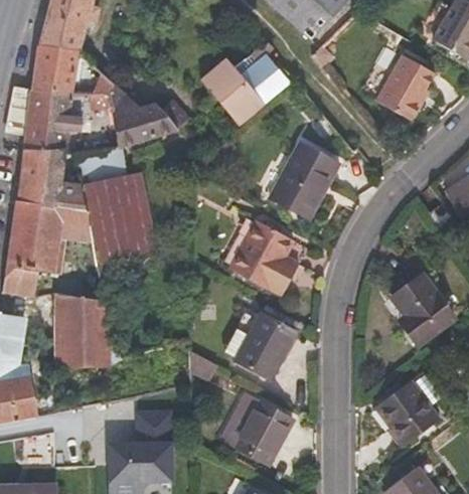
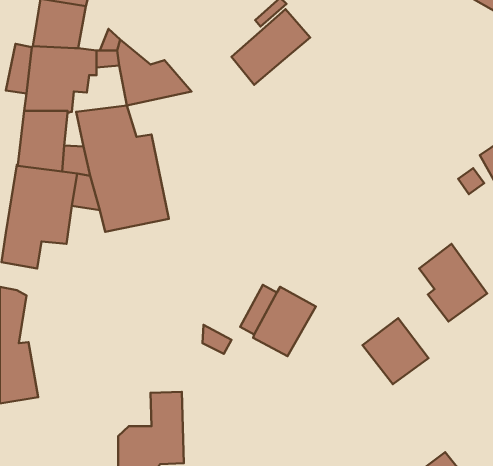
building: [376,55,434,121] -> none
building: [200,57,243,100] -> none
building: [269,141,340,219] -> none
building: [231,220,308,295] -> none
building: [56,294,122,366] -> none
building: [376,382,438,444] -> [363,318,428,384]
building: [224,396,293,464] -> none

